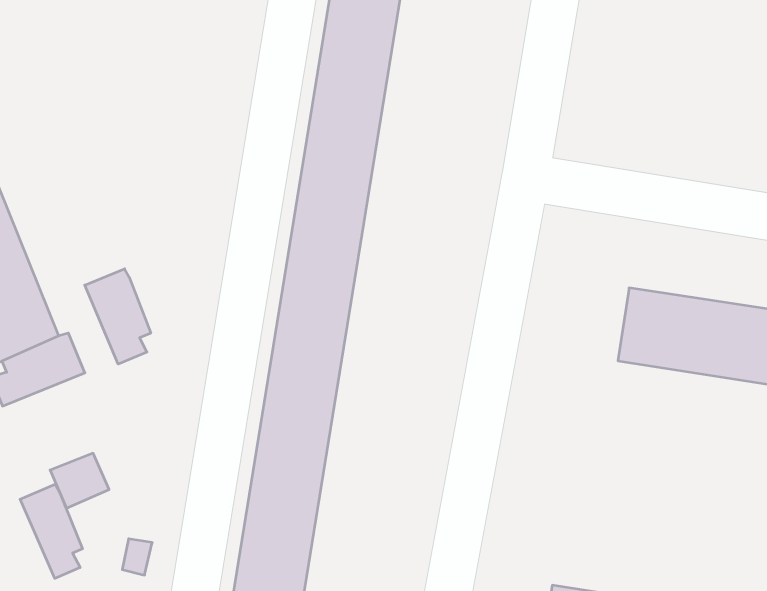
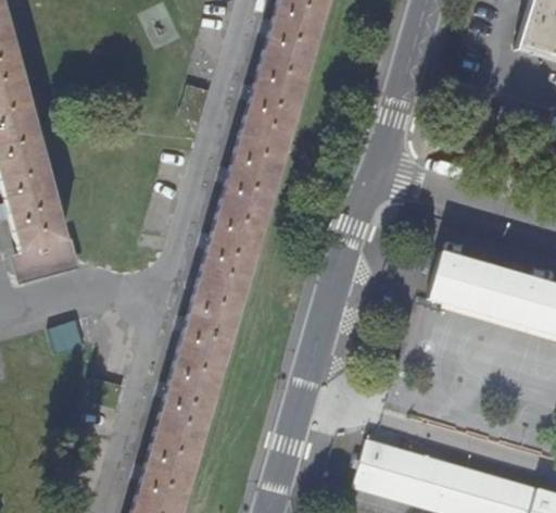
building: [85,269,151,364] -> none
building: [20,484,82,578] -> none

